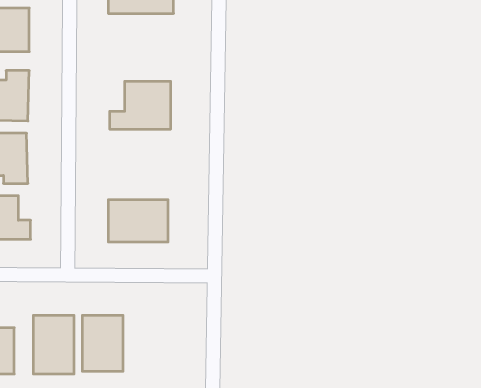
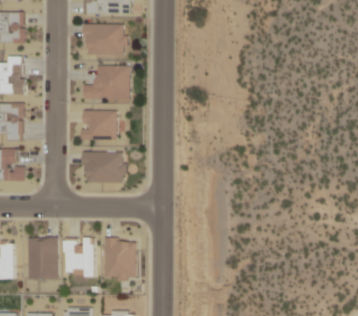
building: none -> [82,24,126,58]
building: none -> [81,110,117,141]
building: none -> [104,238,135,282]

